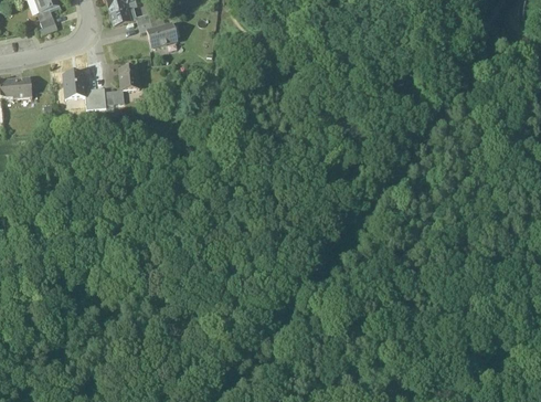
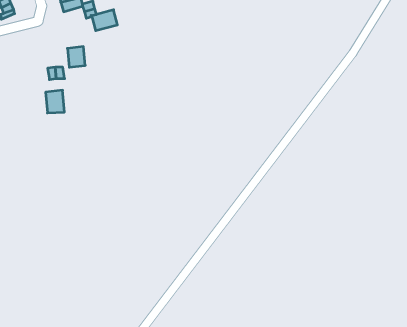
building: [63,71,85,97] -> [46,90,64,113]

